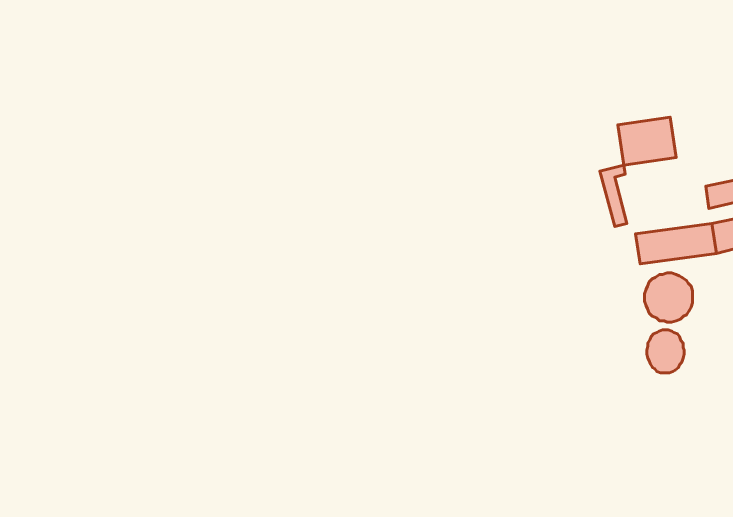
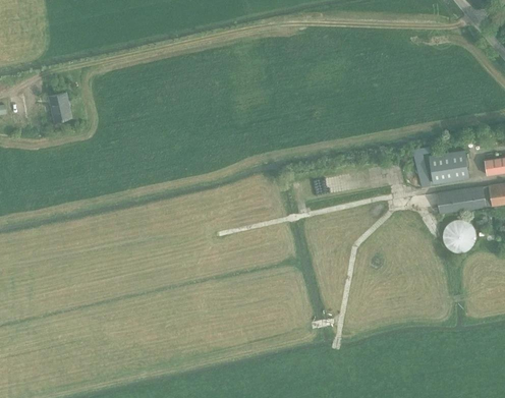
building: none -> [49,93,71,121]
building: [618,117,676,165] -> [430,150,469,182]
building: [647,330,684,373] -> none

